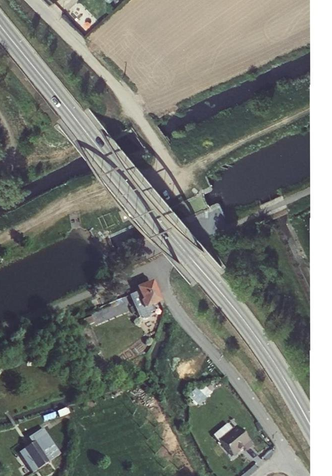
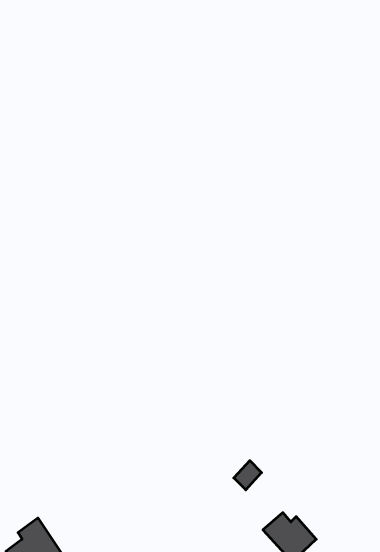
building: [128,281,163,320] -> none

